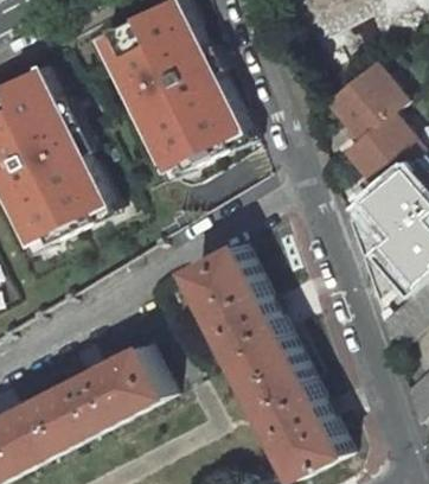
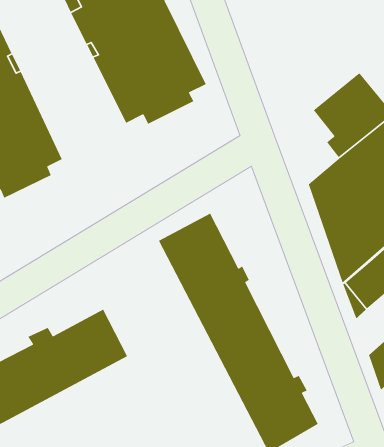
building: [326,65,404,149] -> none

